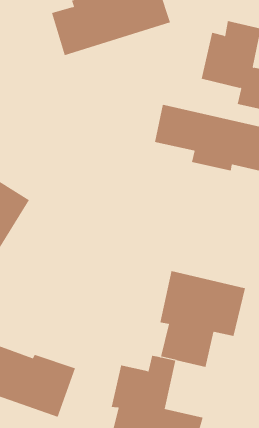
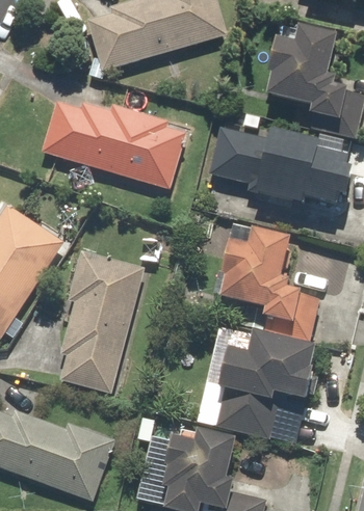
building: none -> [38,91,187,187]
building: none -> [216,225,319,340]
building: none -> [59,249,144,394]

